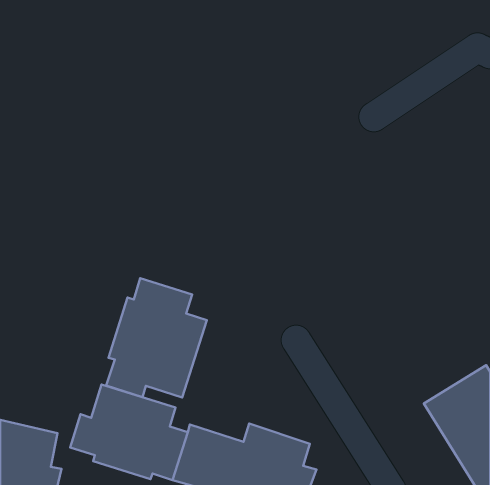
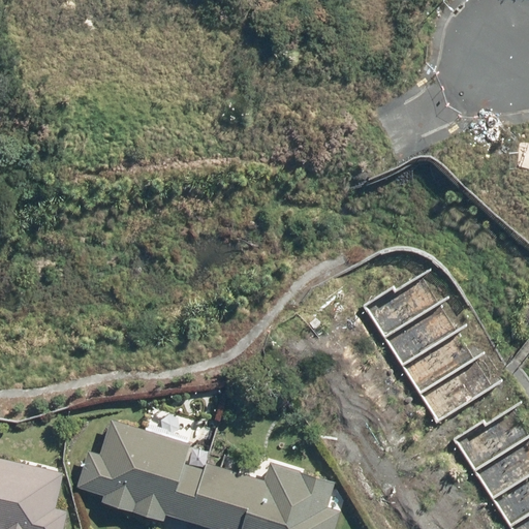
building: none -> [366,261,506,422]
building: [106,278,207,397] -> none

